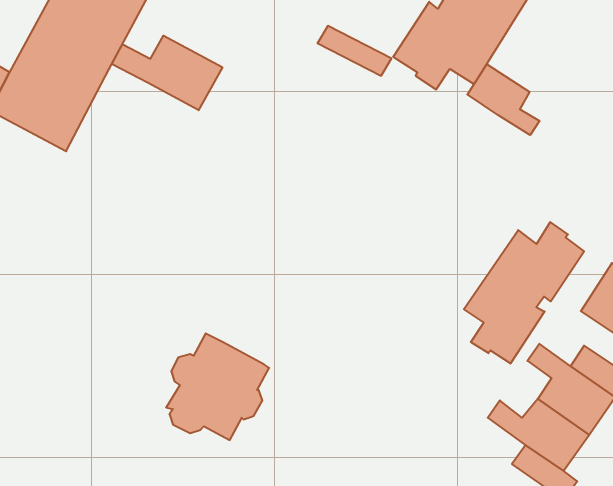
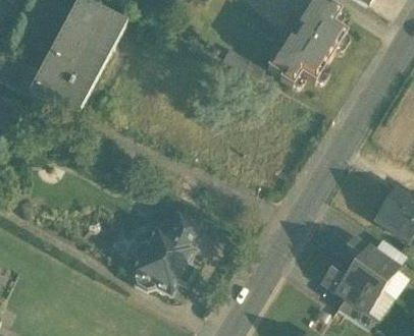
building: [112,36,222,110] -> none
building: [467,64,539,135] -> none
building: [464,222,584,364] -> none
building: none -> [166,213,202,246]

